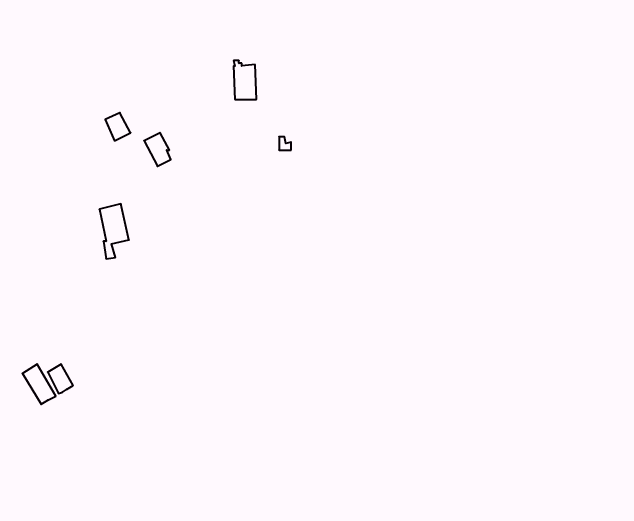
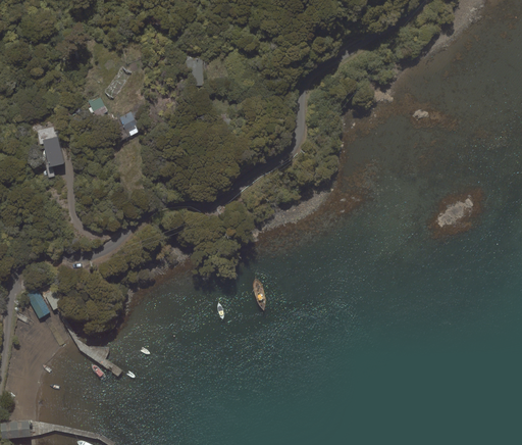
building: [99,204,129,259] -> [41,136,63,178]

